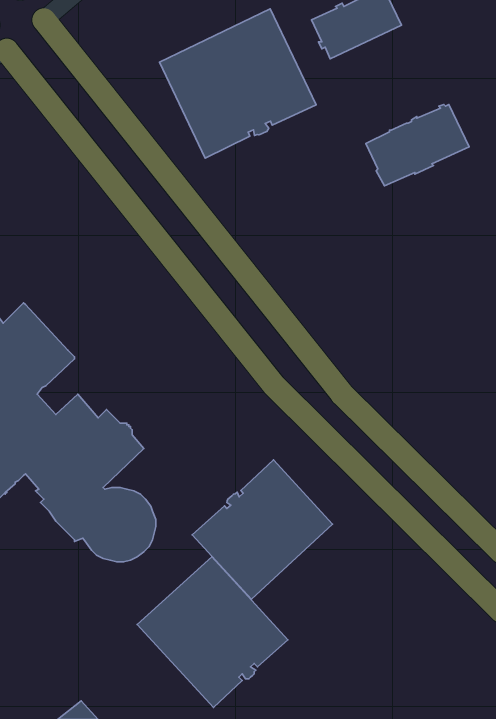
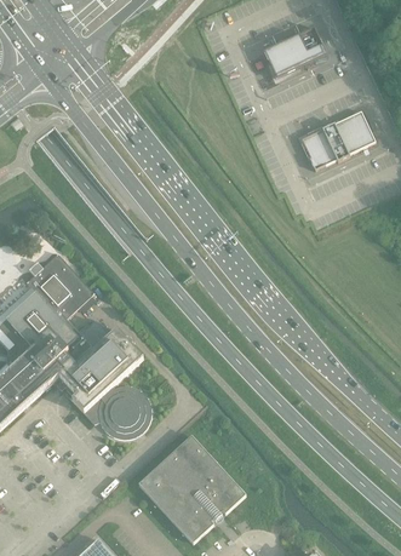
building: [159,9,316,158] -> none
building: [192,460,333,599] -> none

